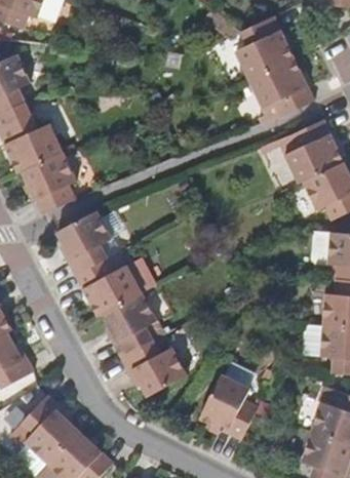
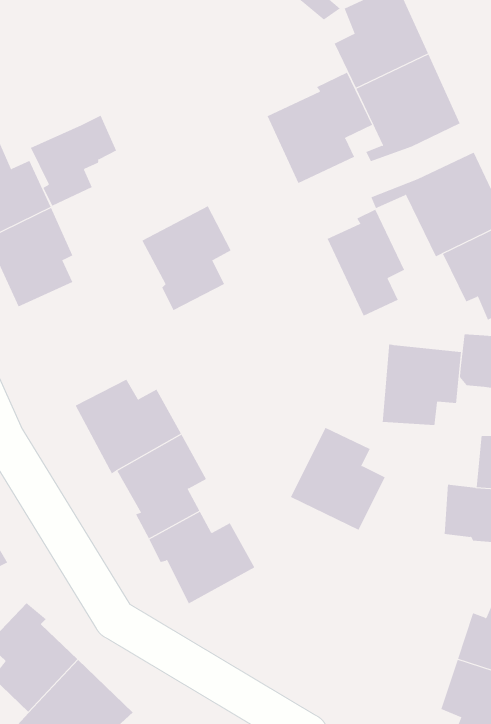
building: none -> [267,72,373,184]
building: none -> [30,115,117,206]
building: none -> [327,209,405,317]
building: [56,210,112,275] -> [141,206,232,311]
building: none -> [382,344,461,426]
building: [199,376,258,440] -> [290,427,385,531]

